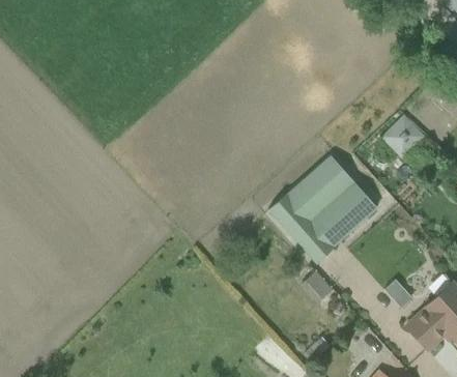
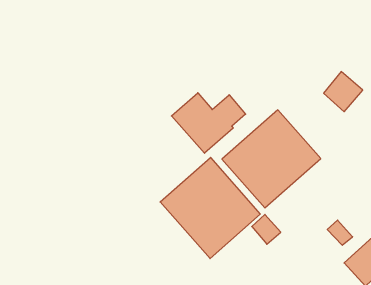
building: none -> [171,93,246,153]
building: none -> [160,157,260,259]

